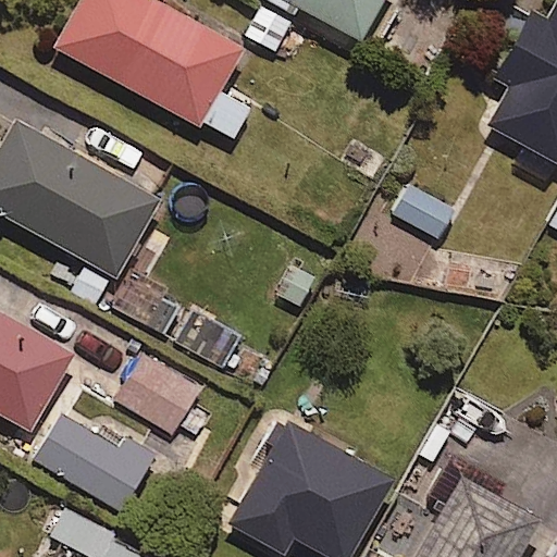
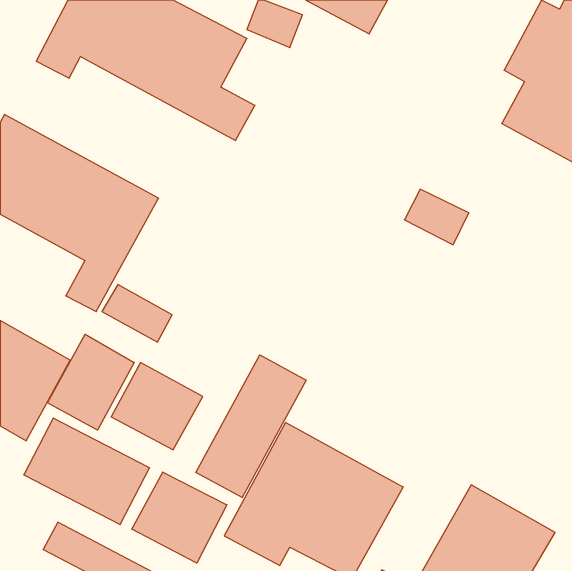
building: none -> [47,334,134,430]
building: none -> [196,355,306,498]
building: none -> [132,472,227,563]

